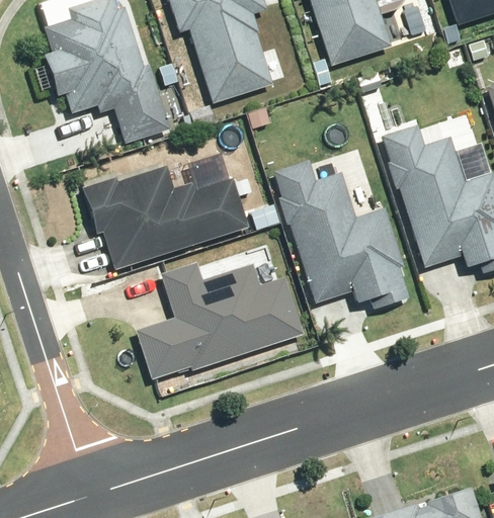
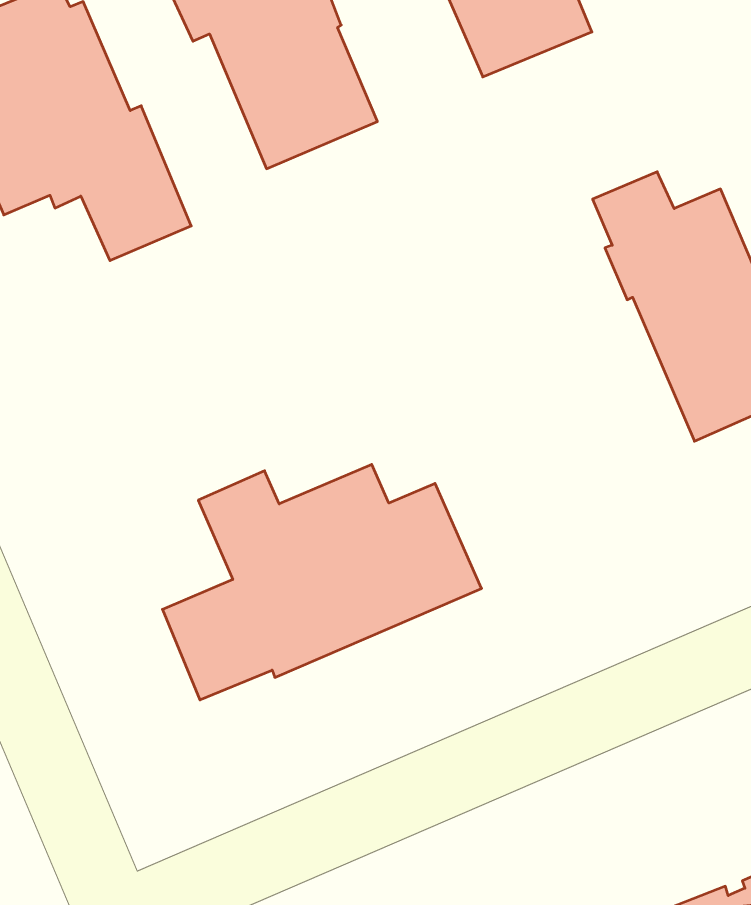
building: [273,159,409,308] -> none
building: [82,165,249,269] -> none

